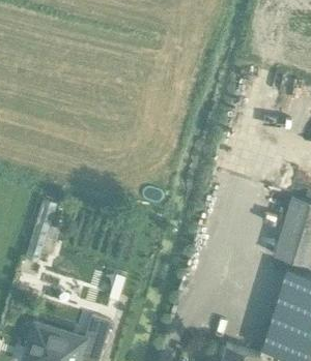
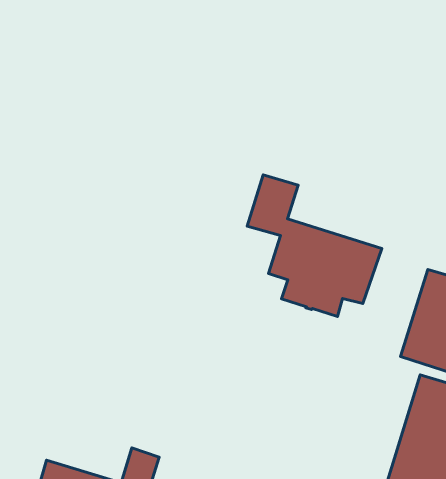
building: none -> [247,175,382,316]

